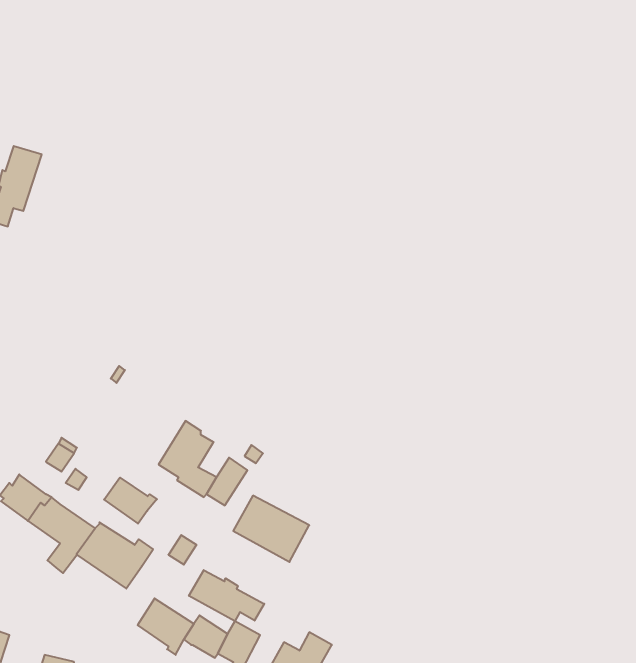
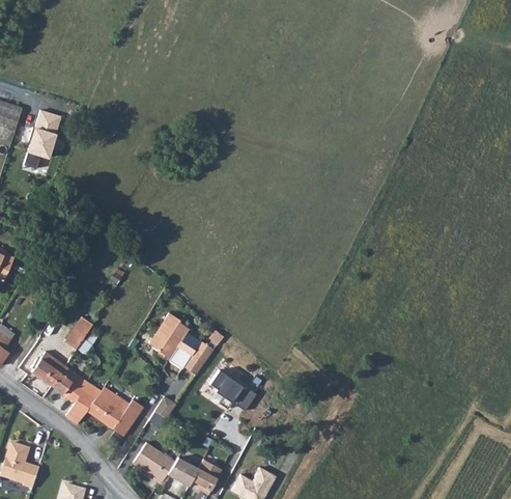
building: [104,478,157,524] -> none
building: [189,570,264,621] -> none

